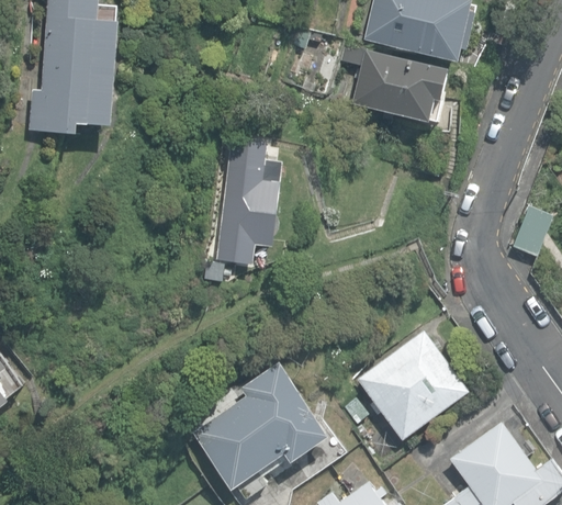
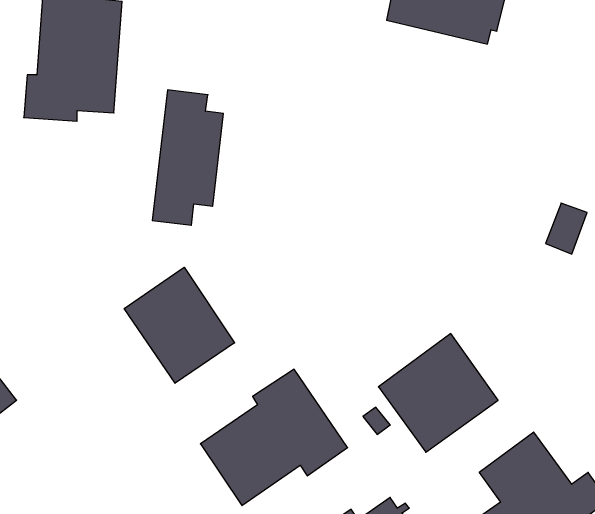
building: [340,45,448,122] -> none
building: [216,139,282,265] -> [152,90,223,225]
building: none -> [124,267,235,383]

